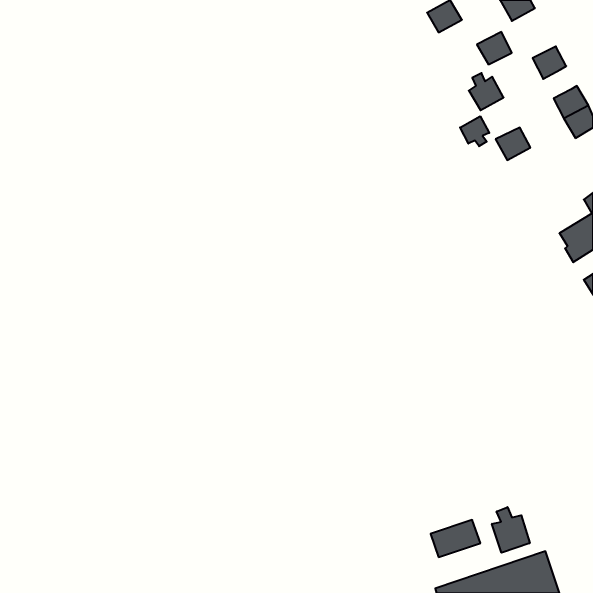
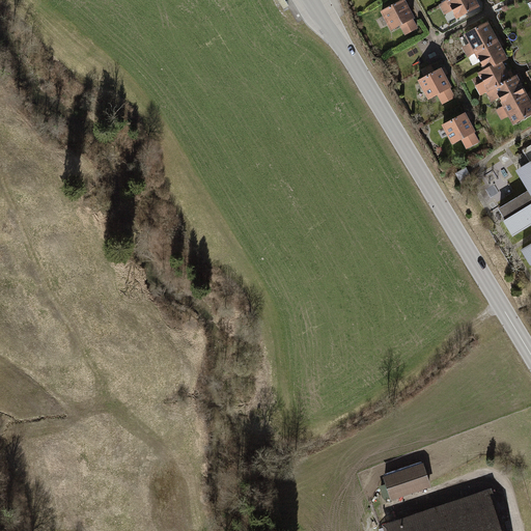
building: [477,32,512,64] -> [466,23,497,52]
building: none -> [479,62,510,91]
building: [460,116,489,146] -> none
building: [492,507,530,553] -> none

